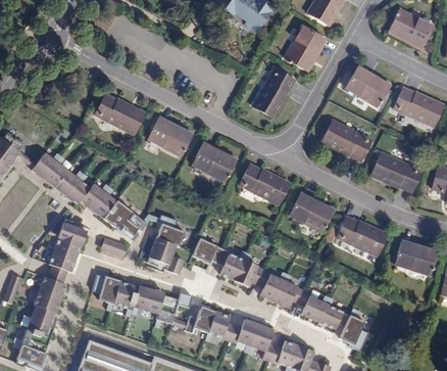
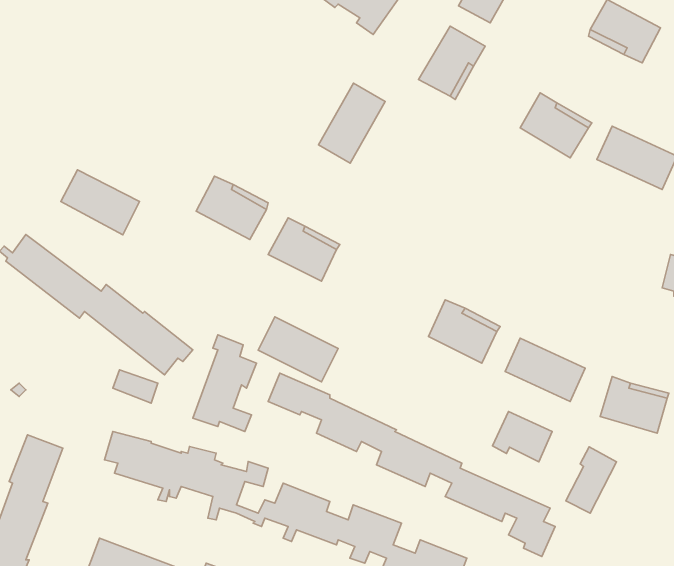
building: [253,68,294,118] -> [318,83,385,163]
building: [95,94,143,134] -> [61,170,139,235]
building: [322,122,371,160] -> none
building: [371,154,420,192] -> none
building: [240,165,289,204] -> [258,317,338,382]
building: [49,219,89,272] -> none
building: none -> [492,411,552,462]
building: none -> [566,447,617,513]

